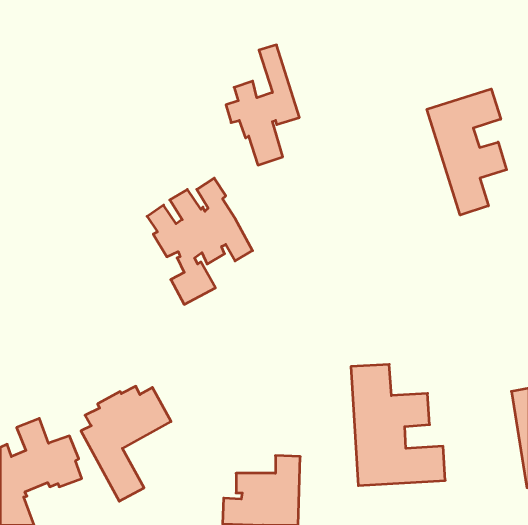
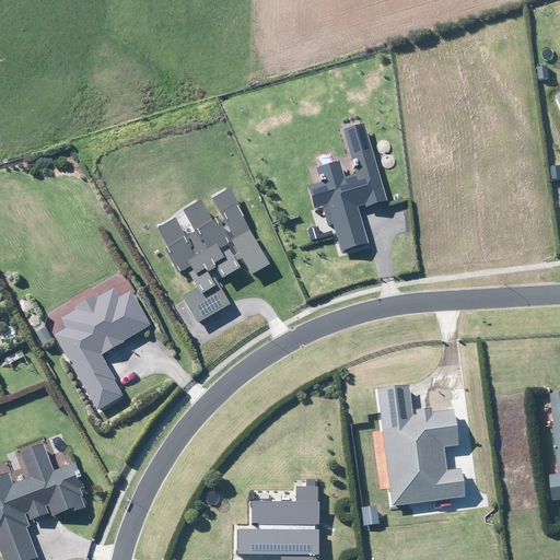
building: [226,45,299,165] -> [310,124,387,250]
building: [427,89,507,215] -> none
building: [81,386,171,501] -> [56,287,151,408]

